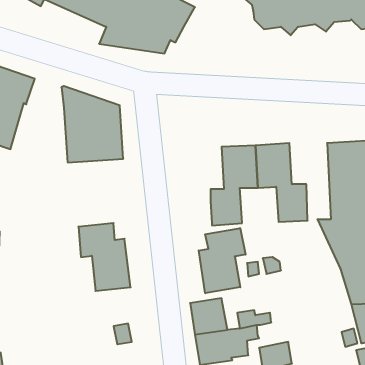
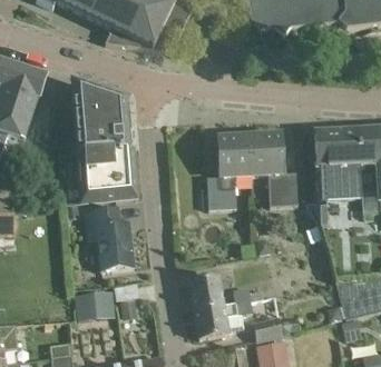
building: none -> [59,147,137,202]
building: [199,228,246,293] -> none
building: none -> [74,292,114,321]

